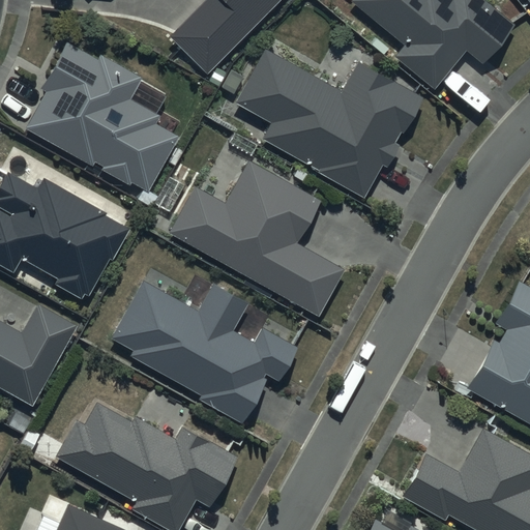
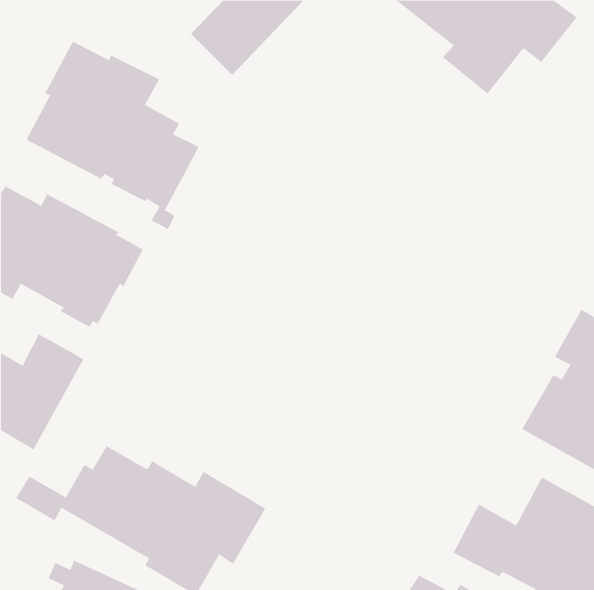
building: [235,47,425,197] -> none
building: [170,158,345,316] -> none
building: [113,286,300,428] -> none

